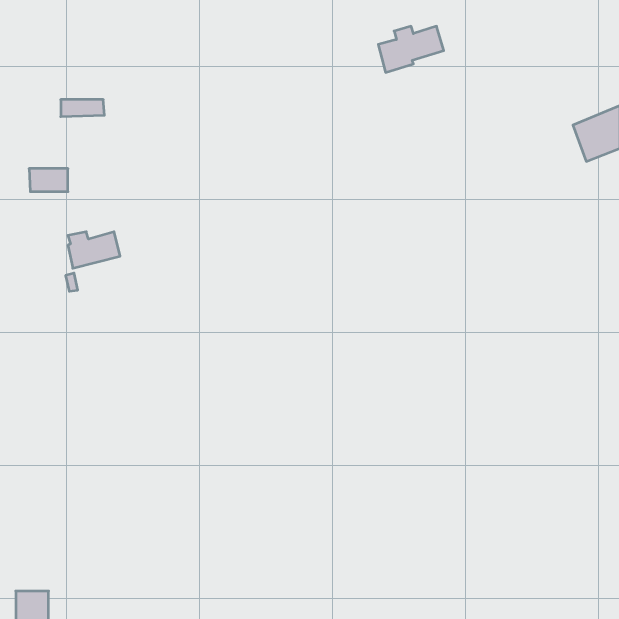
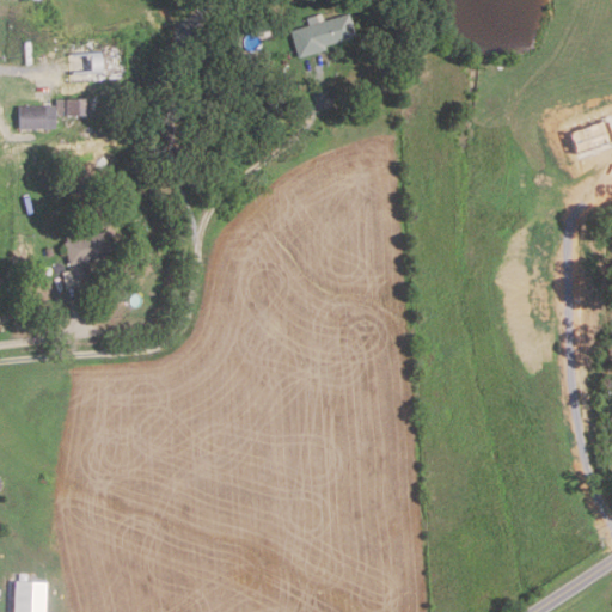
building: [378,26,444,72] -> [289,13,354,59]
building: [29,169,68,192] -> [22,106,60,129]

